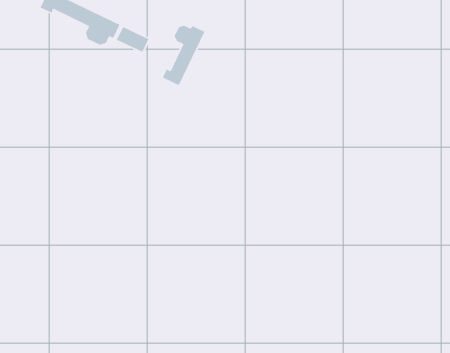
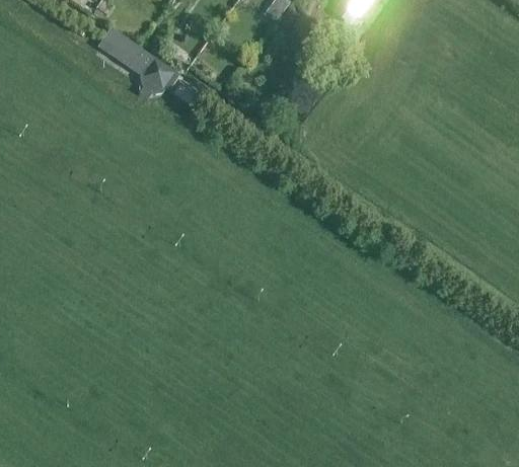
building: [162,25,205,86] -> none

